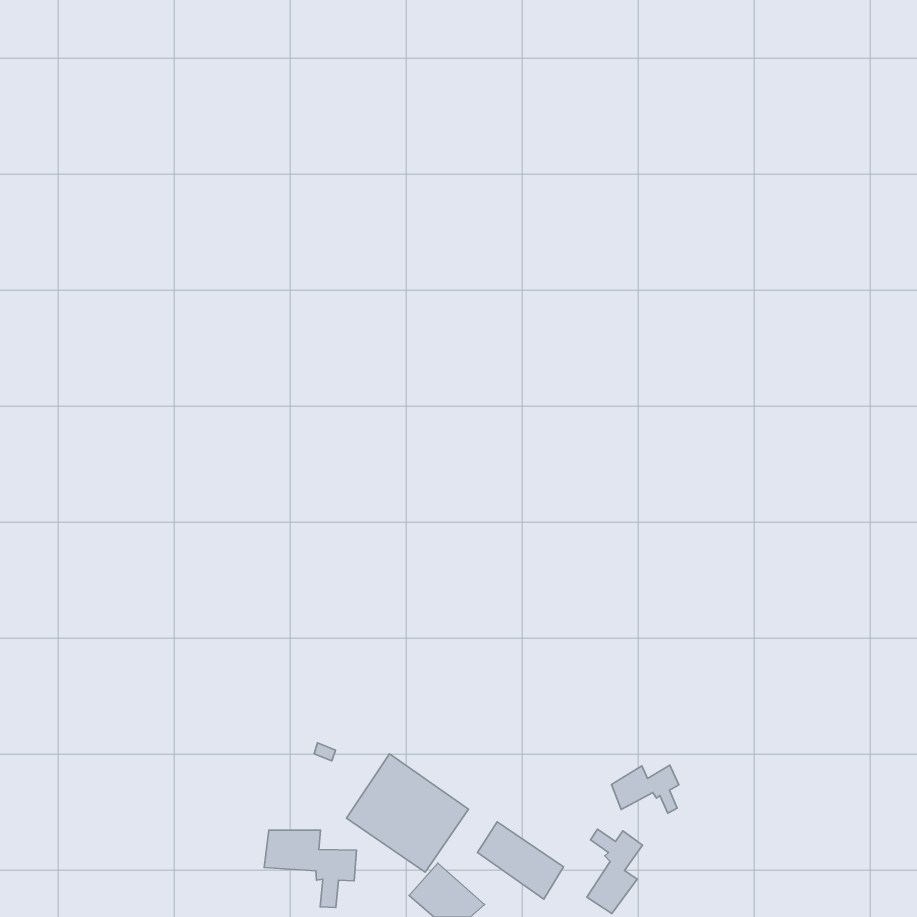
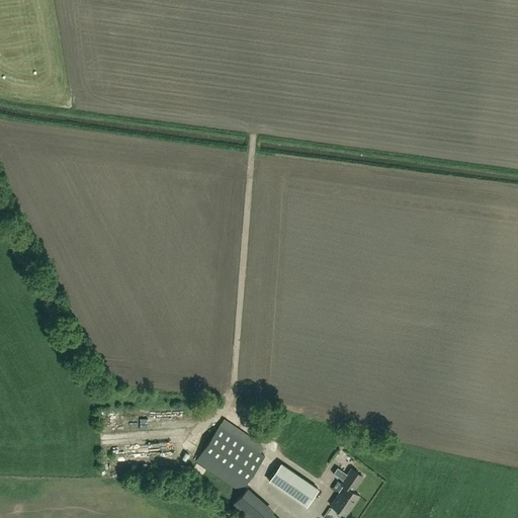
building: [611,765,679,813] -> none
building: [264,830,356,908] -> none

